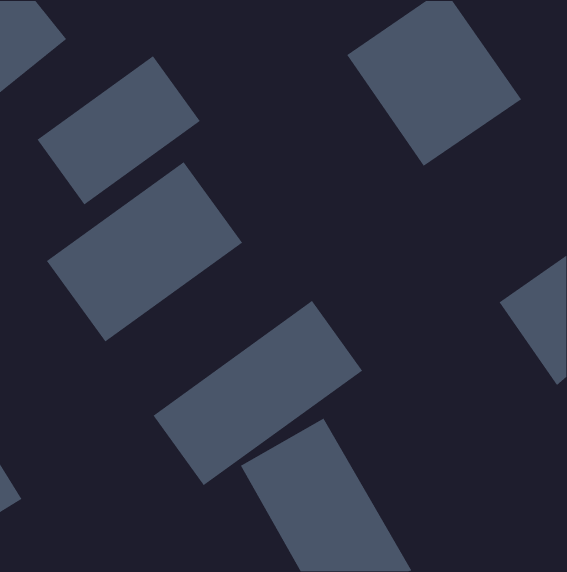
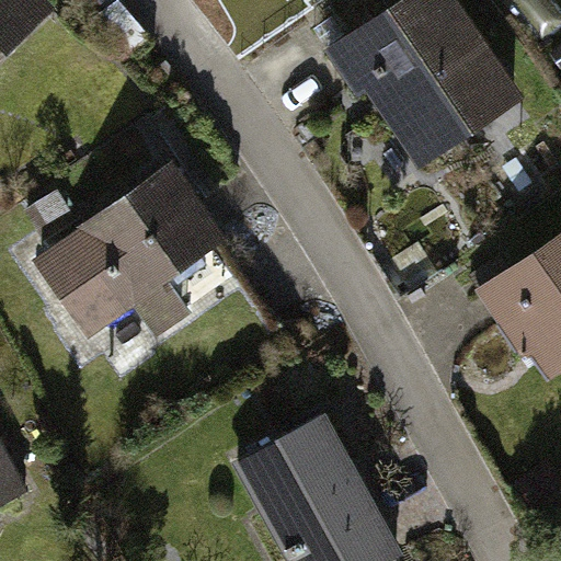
building: [36,55,201,206] -> none
building: [152,300,363,486] -> none

